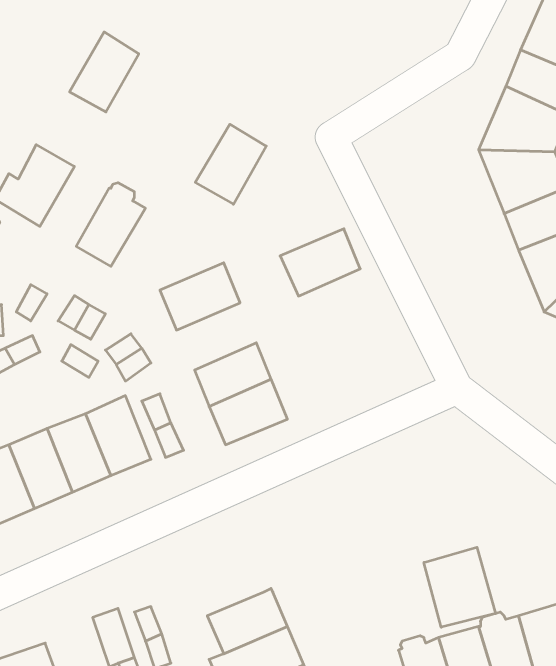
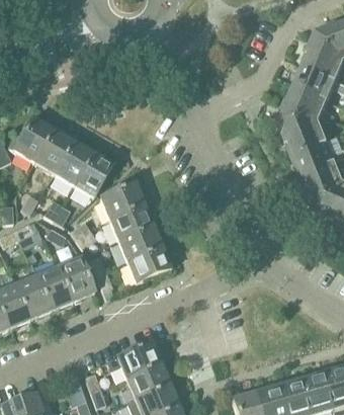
building: [70,32,139,112] -> [33,129,72,173]
building: [195,124,266,204] -> [73,152,112,196]
building: [280,229,360,296] -> [109,204,154,242]
building: [424,547,496,627] -> none
building: none -> [107,341,162,379]

